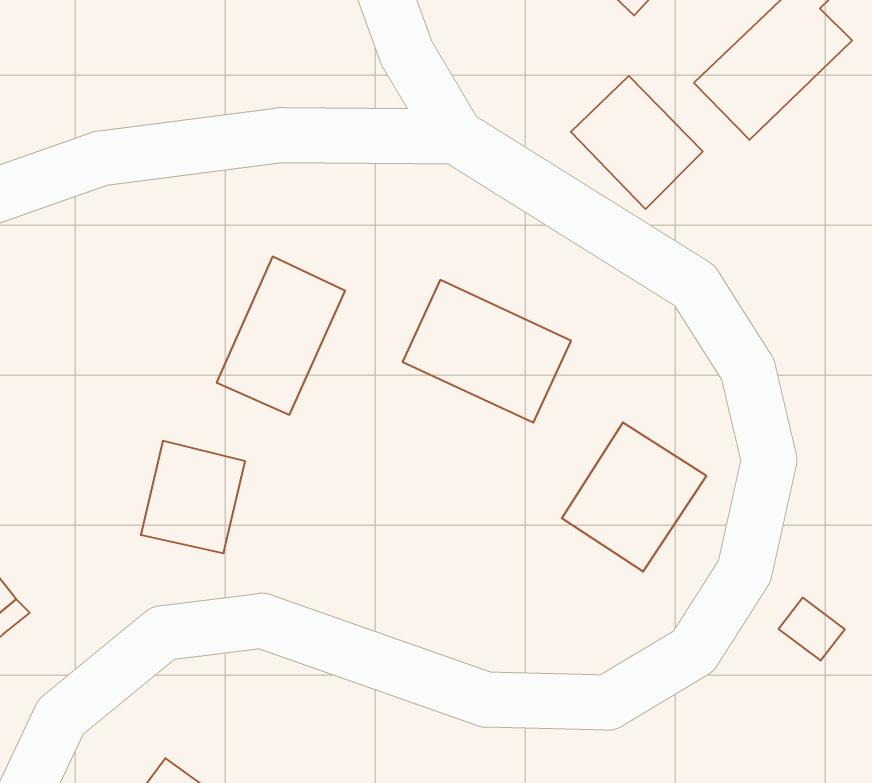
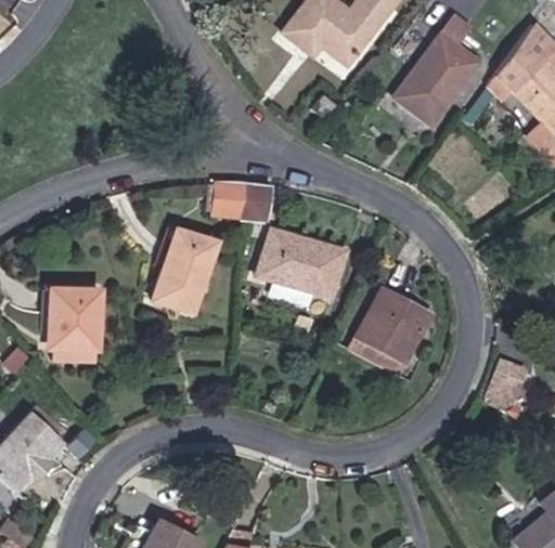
building: [571,76,703,209] -> none
building: none -> [215,183,269,218]
building: [141,441,245,553] -> [47,292,99,350]

